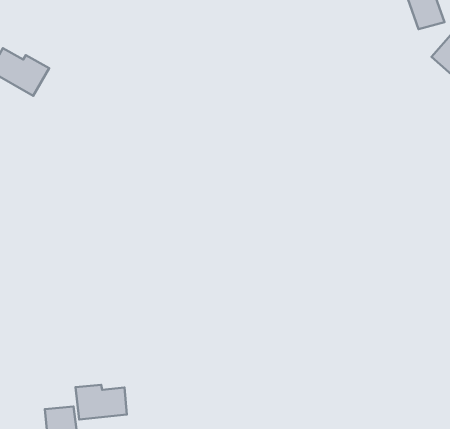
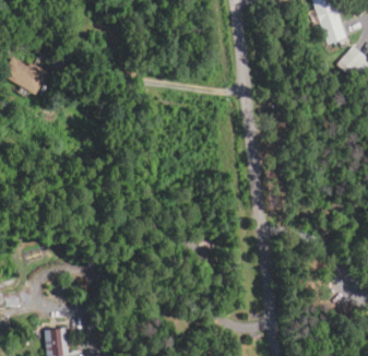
building: [76,385,127,419] -> none

